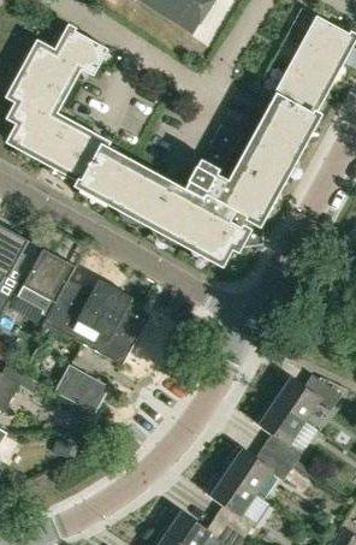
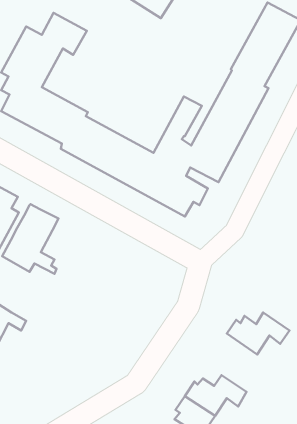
building: [42,278,146,365] -> none
building: [54,363,109,413] -> none
building: [257,397,304,464] -> none

